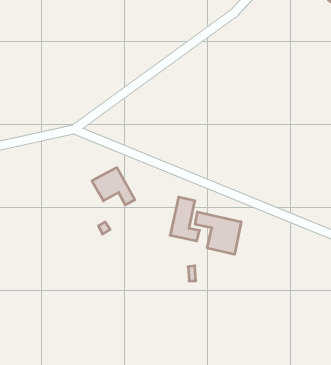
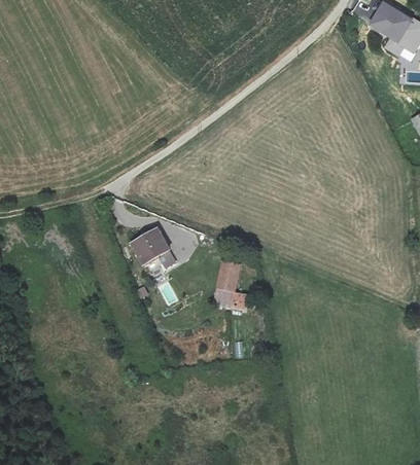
building: [195,212,241,254] -> none

